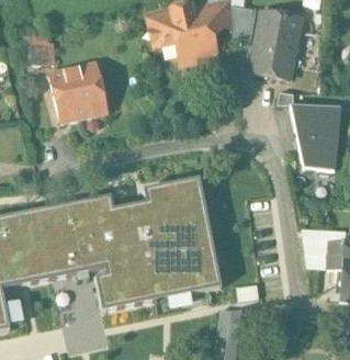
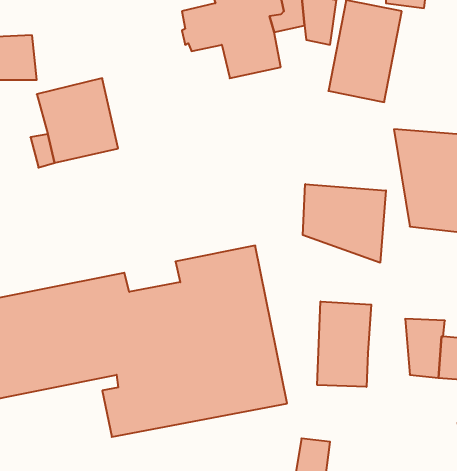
building: none -> [303,184,386,263]
building: none -> [317,301,371,387]

